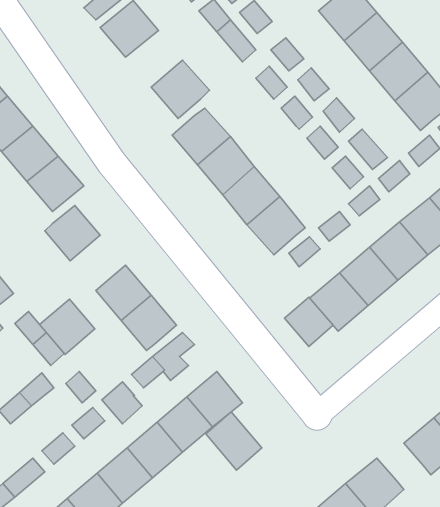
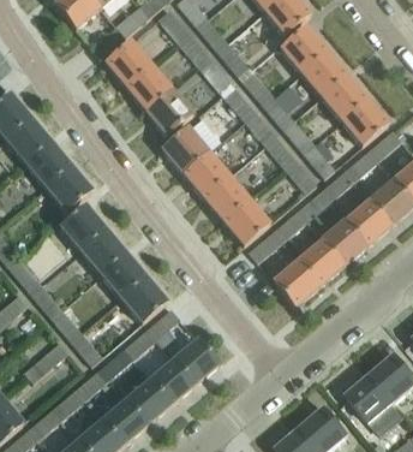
building: none -> [125,64,170,109]
building: [285,297,333,346] -> none
building: [40,299,95,354] -> [80,228,125,273]
building: [206,412,262,470] -> none

